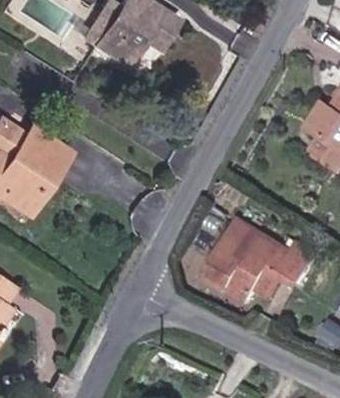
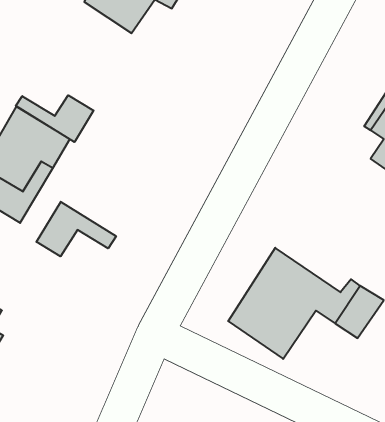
building: none -> [16,95,94,142]
building: none -> [36,202,116,256]

